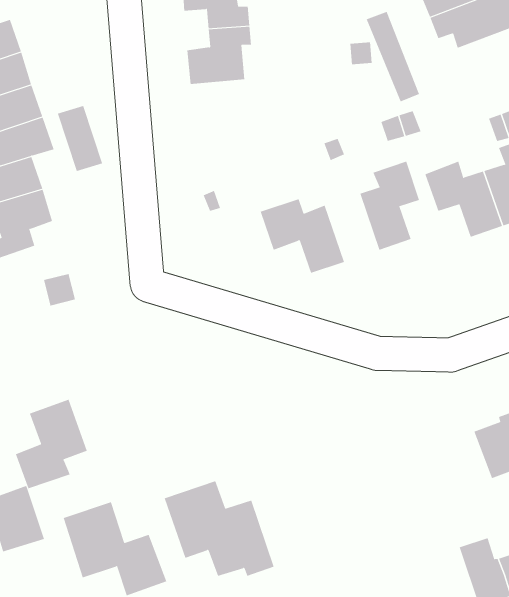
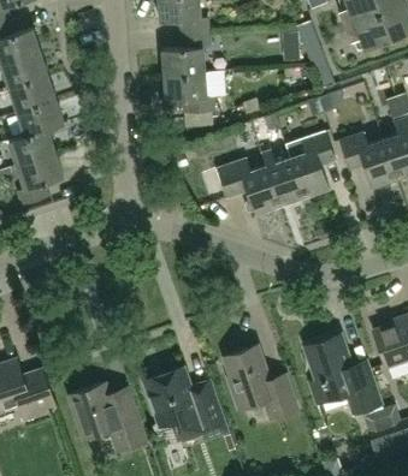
building: none -> [165,72,215,113]
building: [57,105,103,172] -> none
building: none -> [261,151,304,207]
building: [15,399,88,489] -> none
building: none -> [304,335,383,413]
building: none -> [225,346,298,418]

